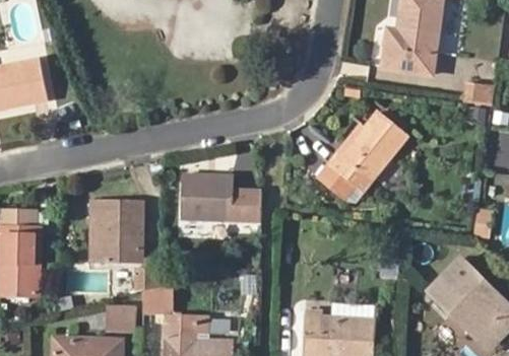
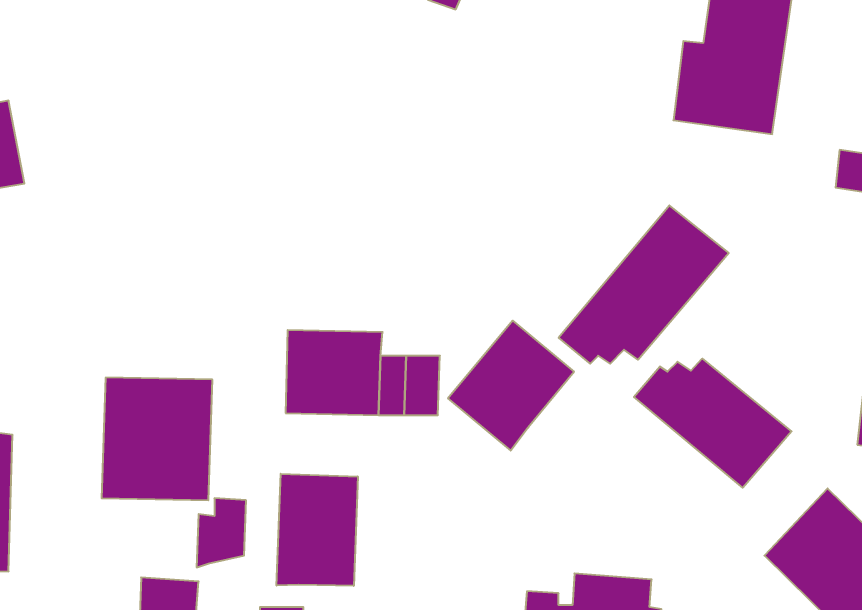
building: none -> [448,321,574,451]
building: none -> [634,359,792,488]
building: none -> [277,474,358,586]

